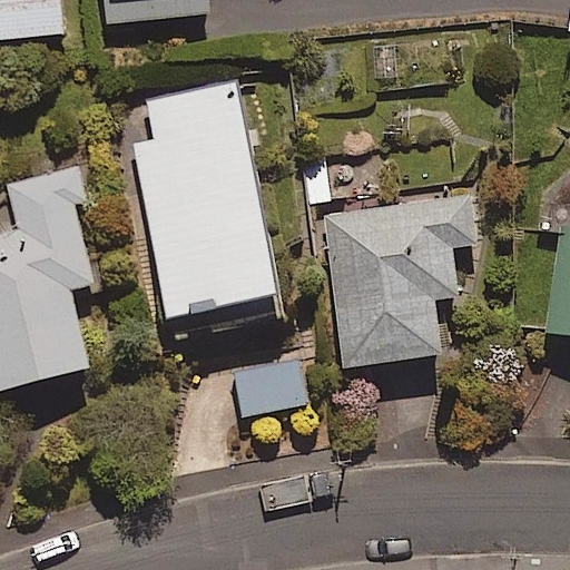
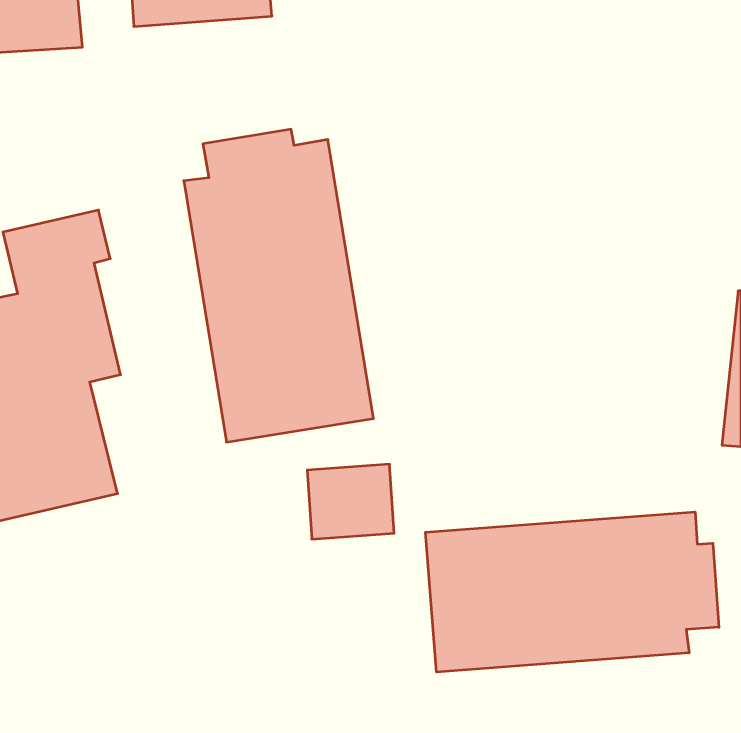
building: [324,191,475,368] -> none
building: none -> [426,512,719,672]

